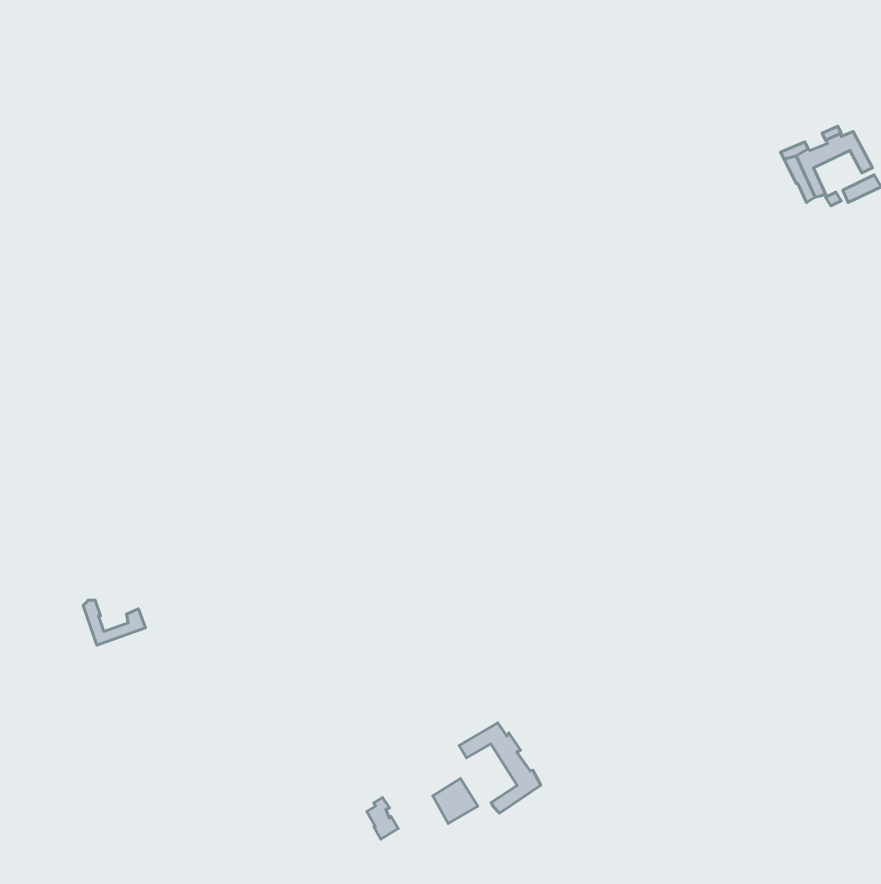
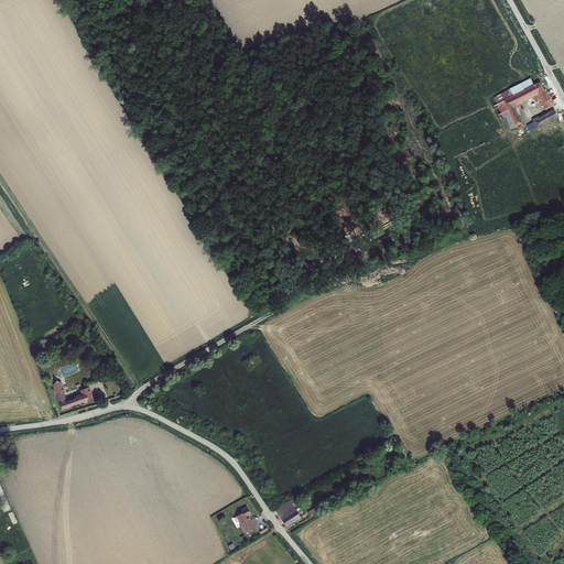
building: [459,723,541,813] -> none

